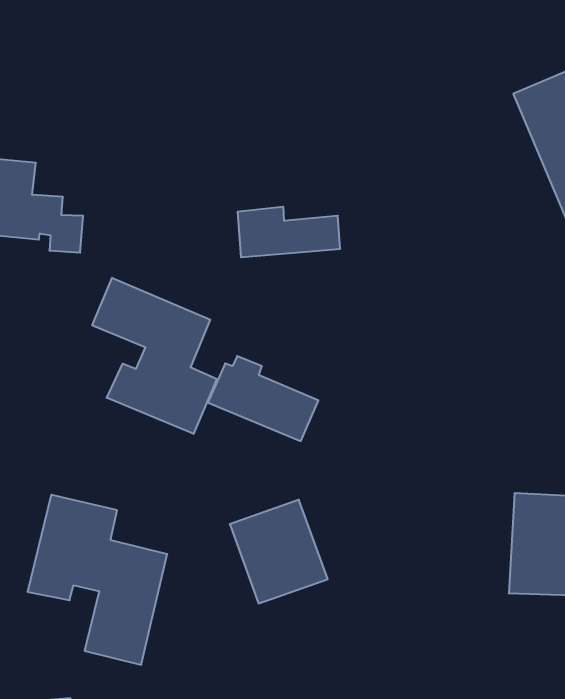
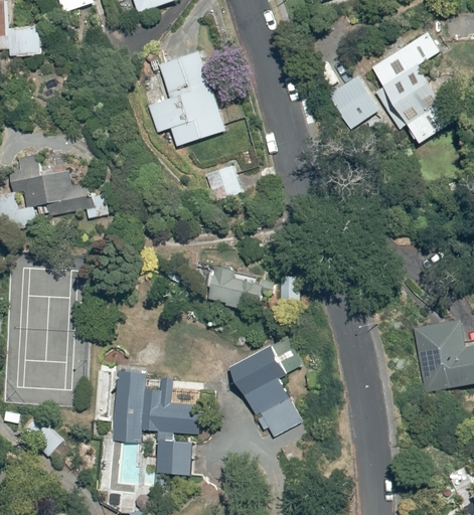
building: none -> [146,49,225,146]
building: none -> [326,73,380,131]
building: [92,278,217,434] -> none

